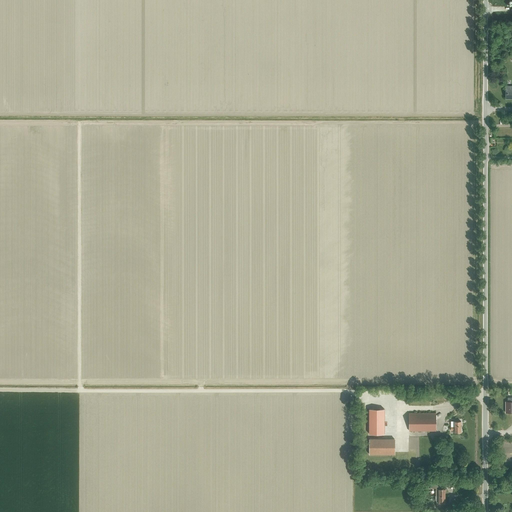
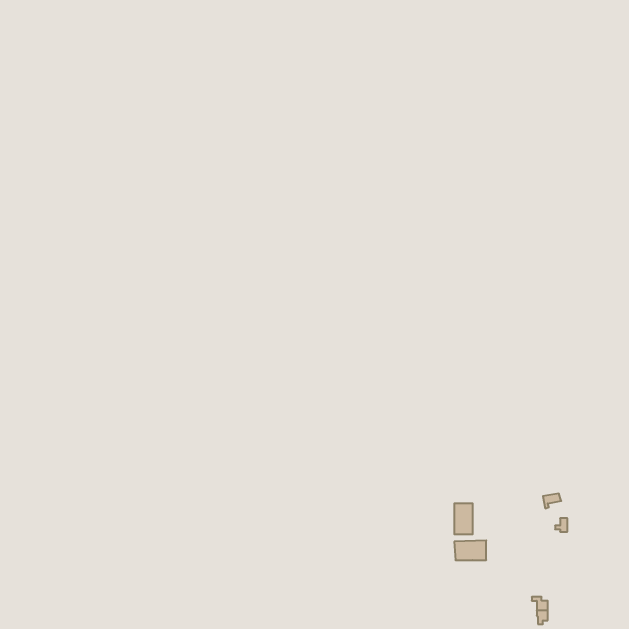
building: [409,413,436,431] -> none

